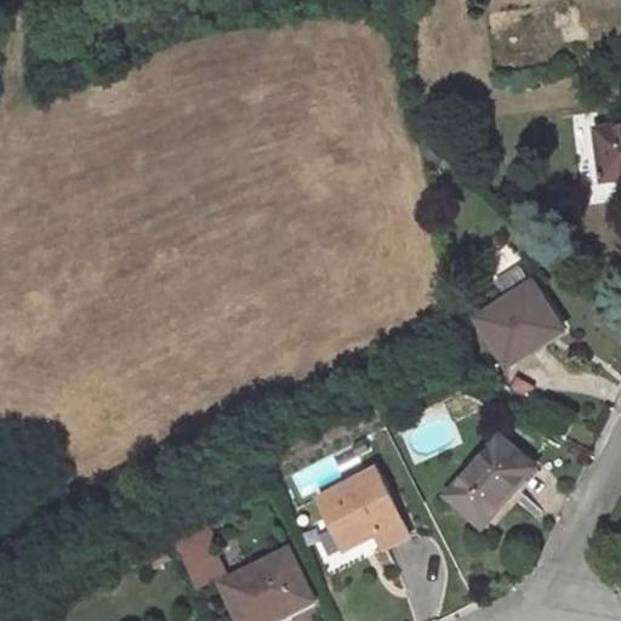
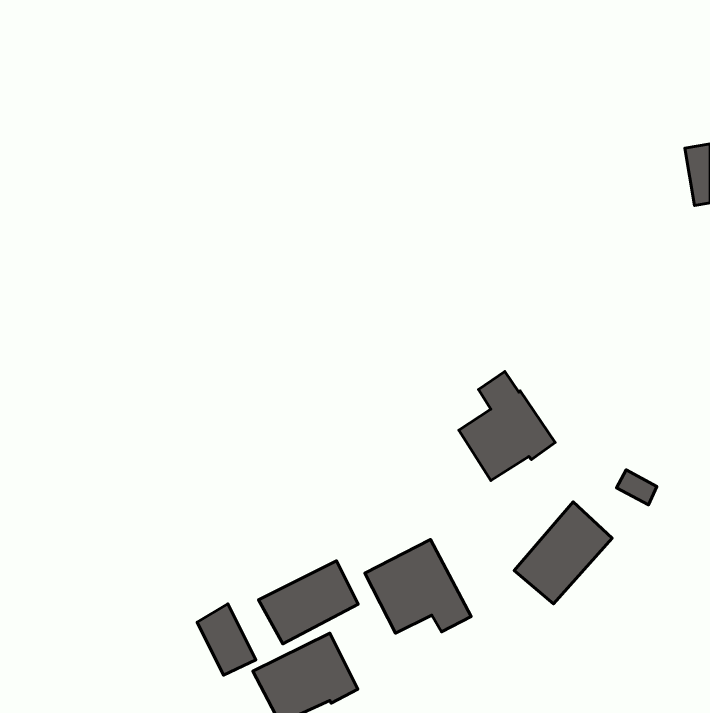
building: [477,267,560,361] -> [459,371,555,480]
building: none -> [259,561,358,644]

